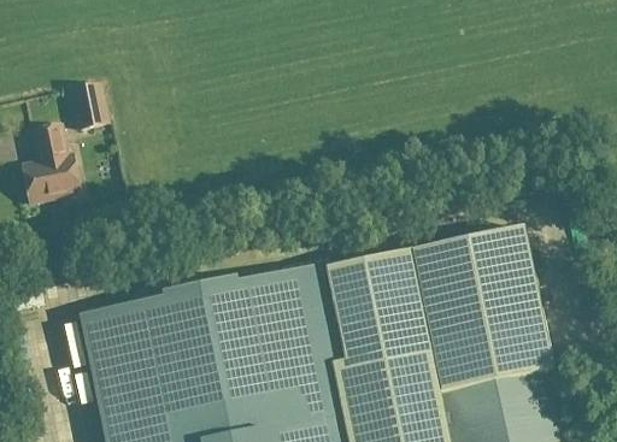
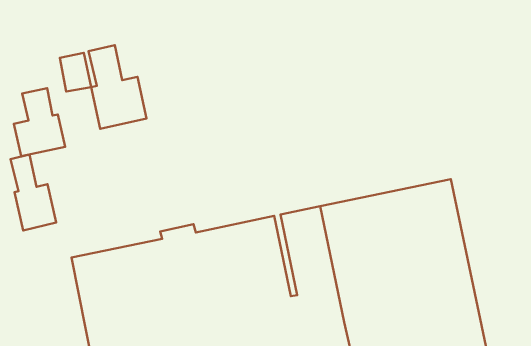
building: none -> [88,45,146,129]
building: none -> [11,154,56,231]

